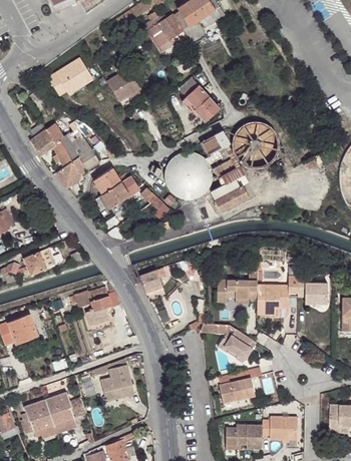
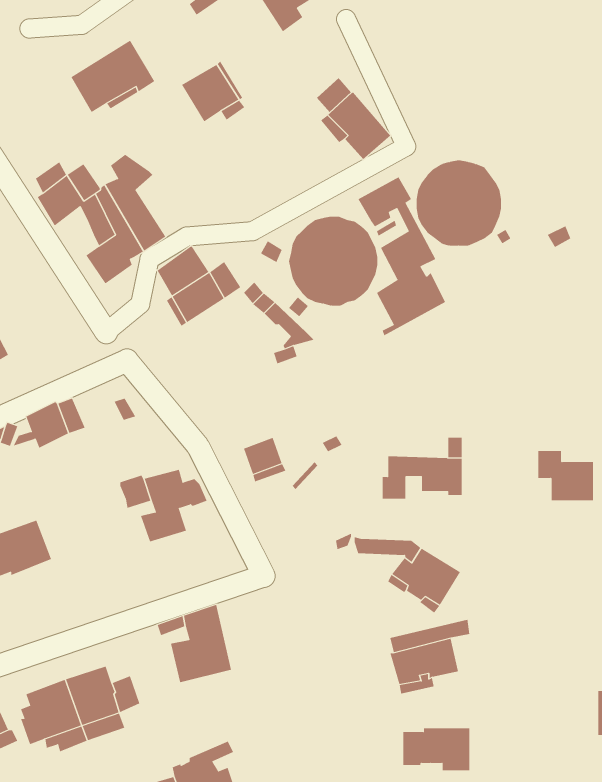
building: [257,277,298,314] -> none
building: [262,417,298,440] -> none

